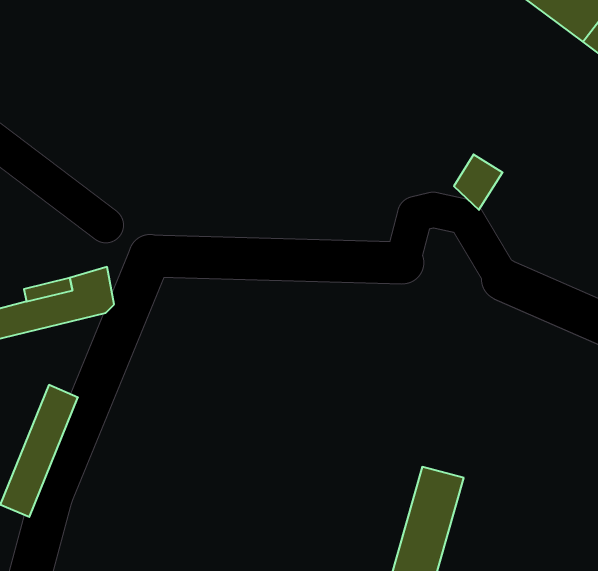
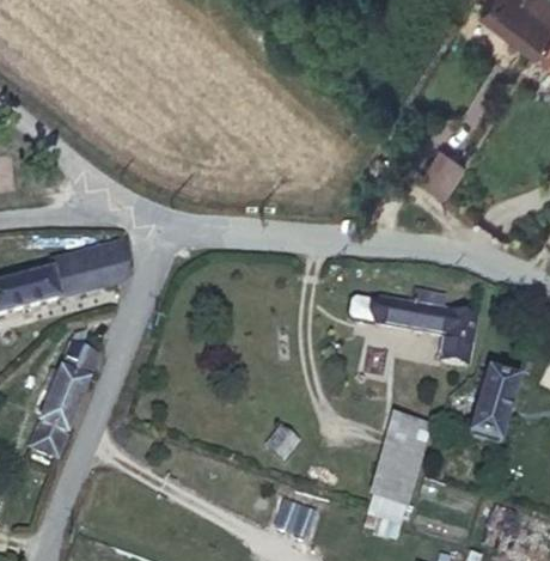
building: none -> [374,288,475,364]
building: none -> [469,370,518,443]

